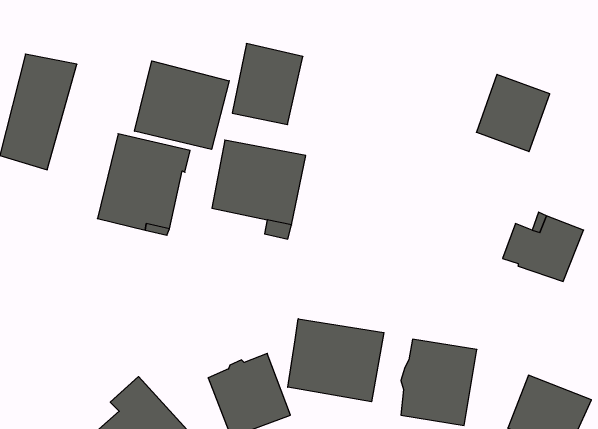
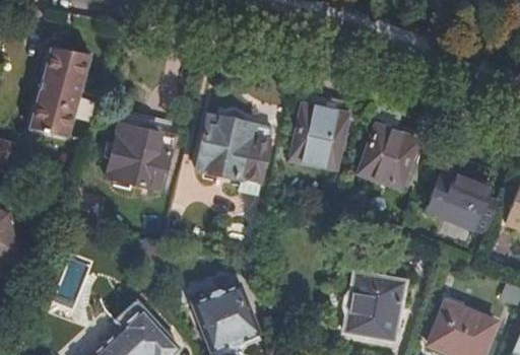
building: [232,44,303,125] -> [290,104,346,168]
building: [135,61,229,149] -> none
building: [476,74,550,152] -> [359,127,416,188]
building: [288,319,384,402] -> none

